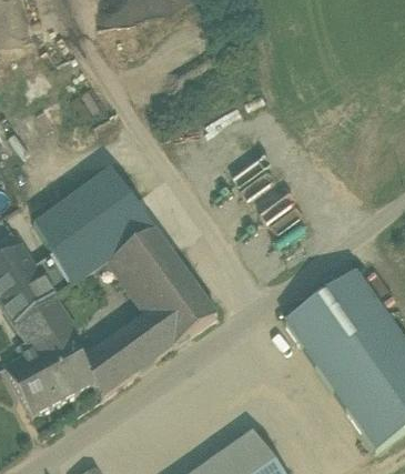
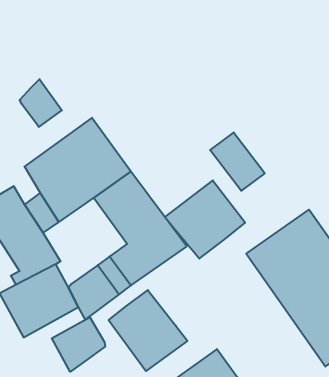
building: none -> [20,79,62,127]
building: none -> [165,180,245,259]
building: none -> [109,290,187,371]
building: none -> [52,317,105,372]

